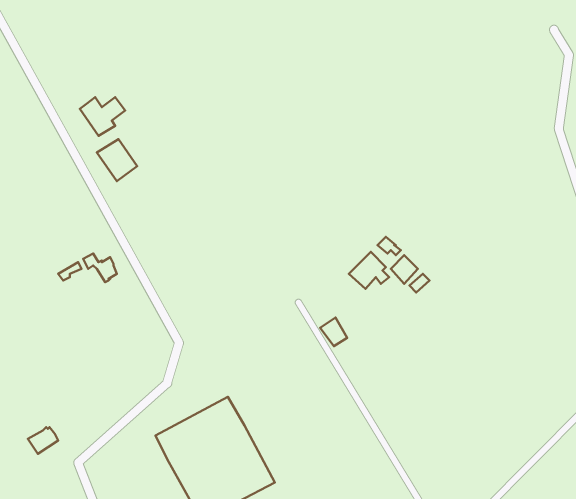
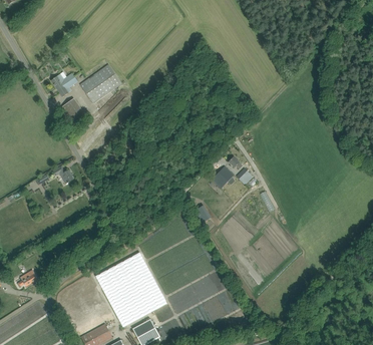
building: none -> [79,63,121,102]

